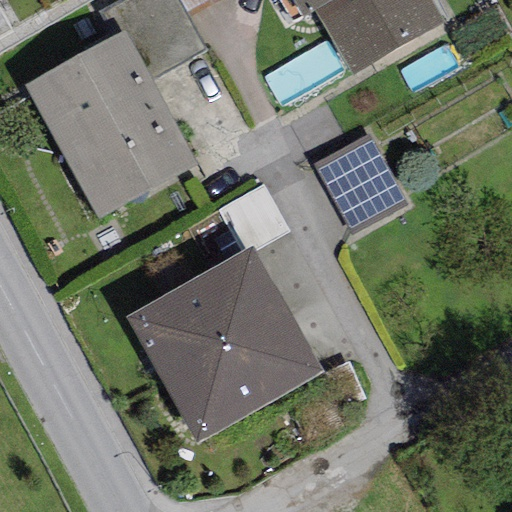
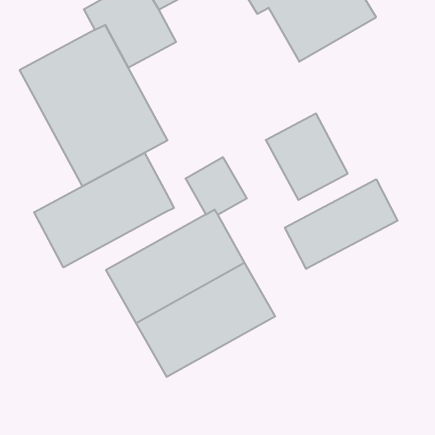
building: none -> [34,153,174,267]
building: none -> [285,179,398,269]

